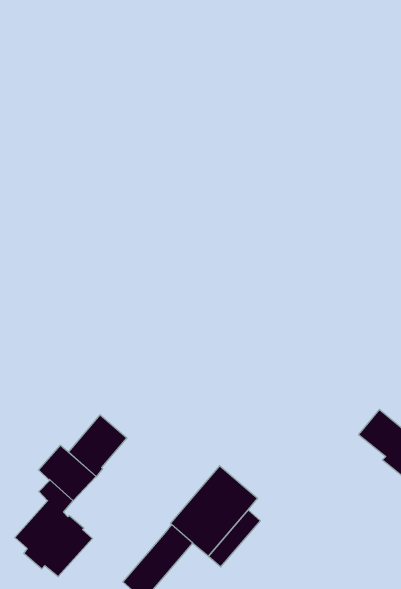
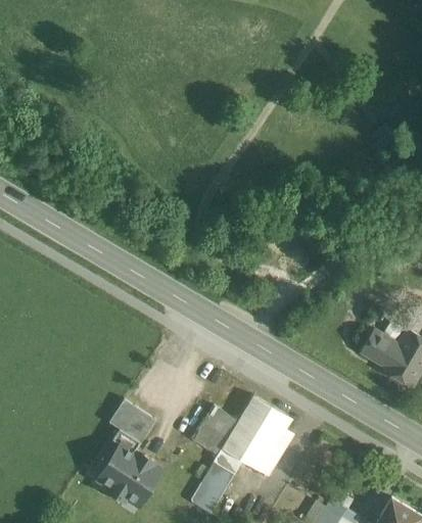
building: [68,415,127,477] -> [192,406,237,456]

